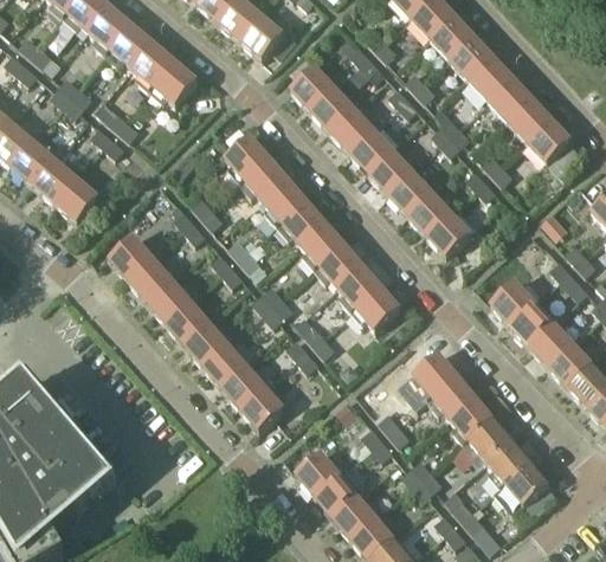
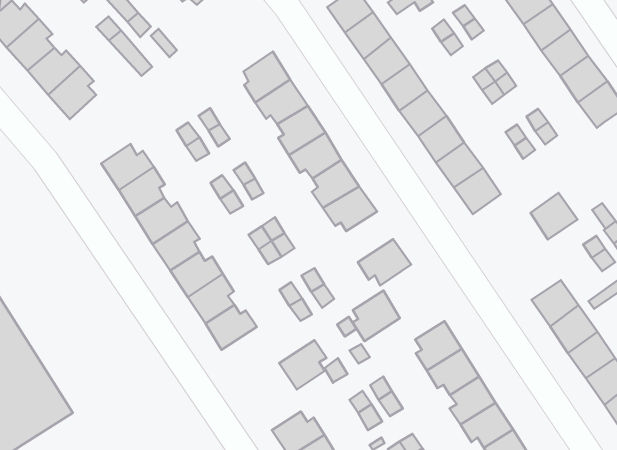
building: [337,265,380,312] -> [353,291,400,341]
building: [491,282,534,324] -> [530,193,577,239]
building: [241,382,283,428] -> [279,340,327,390]

